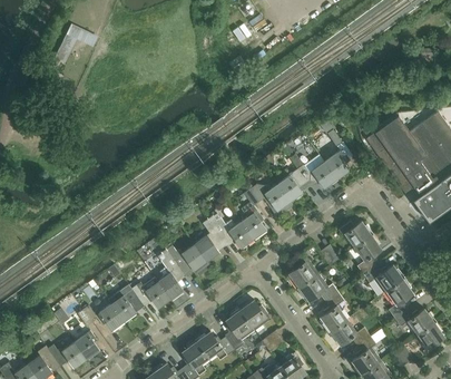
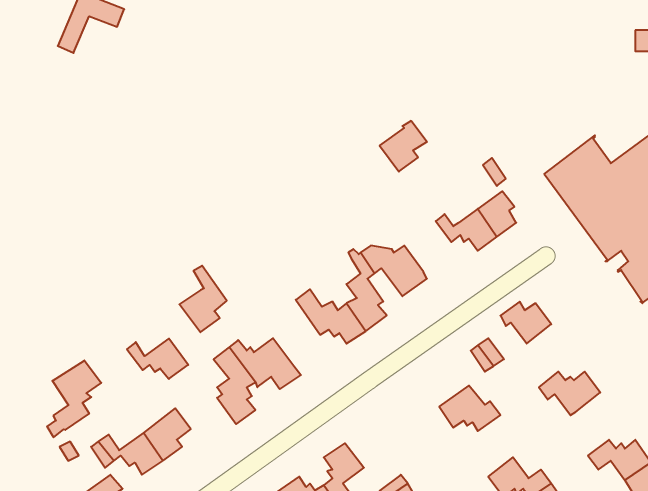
building: [277,169,307,202] -> [380,121,427,172]
building: [194,220,224,262] -> [179,266,227,332]
building: [355,235,381,275] -> none
building: [288,257,318,288] -> none
building: none -> [47,360,101,437]
building: [386,279,413,319] -> none
building: [131,282,170,308] -> [127,339,188,379]
building: [321,293,346,332] -> none
building: [239,301,269,331] -> none

